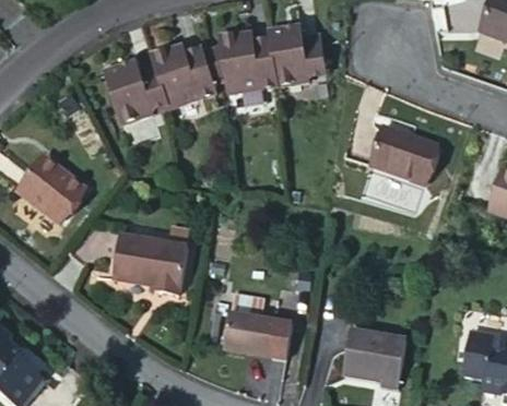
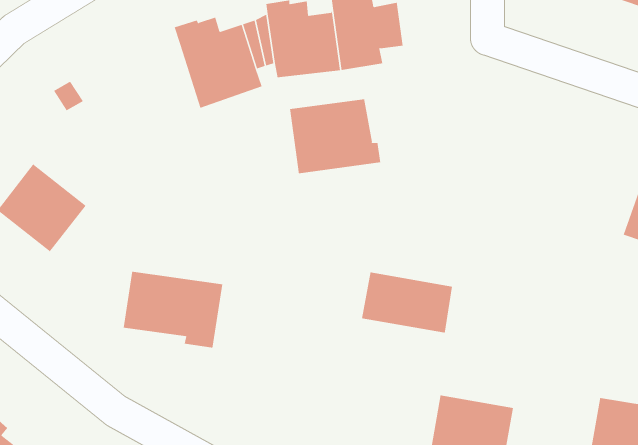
building: [104,60,169,128] -> none
building: none -> [289,98,381,174]
building: [369,126,436,181] -> none
building: [222,312,291,358] -> [361,272,453,333]

